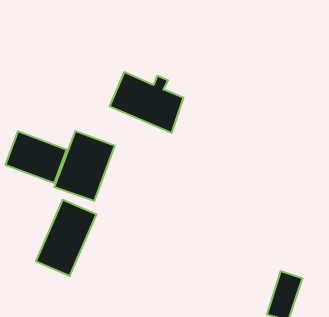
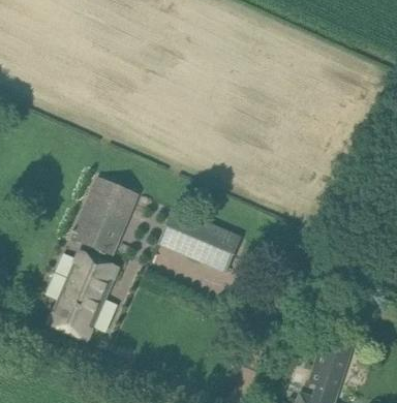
building: [109,72,184,133] -> [157,205,241,273]
building: [6,131,67,183] -> none

